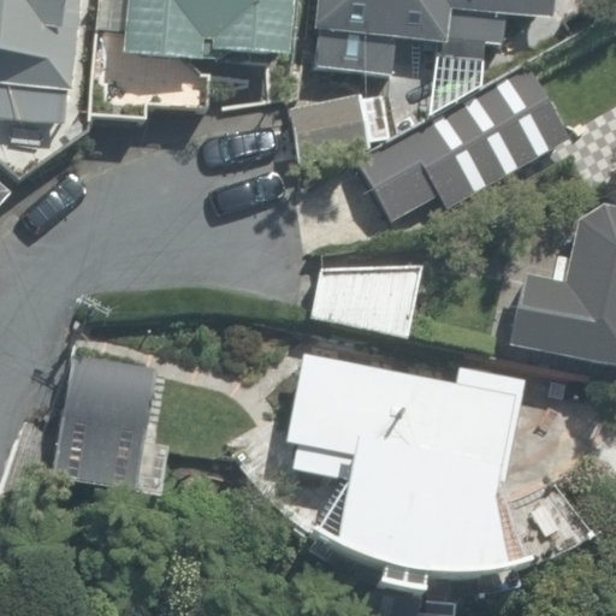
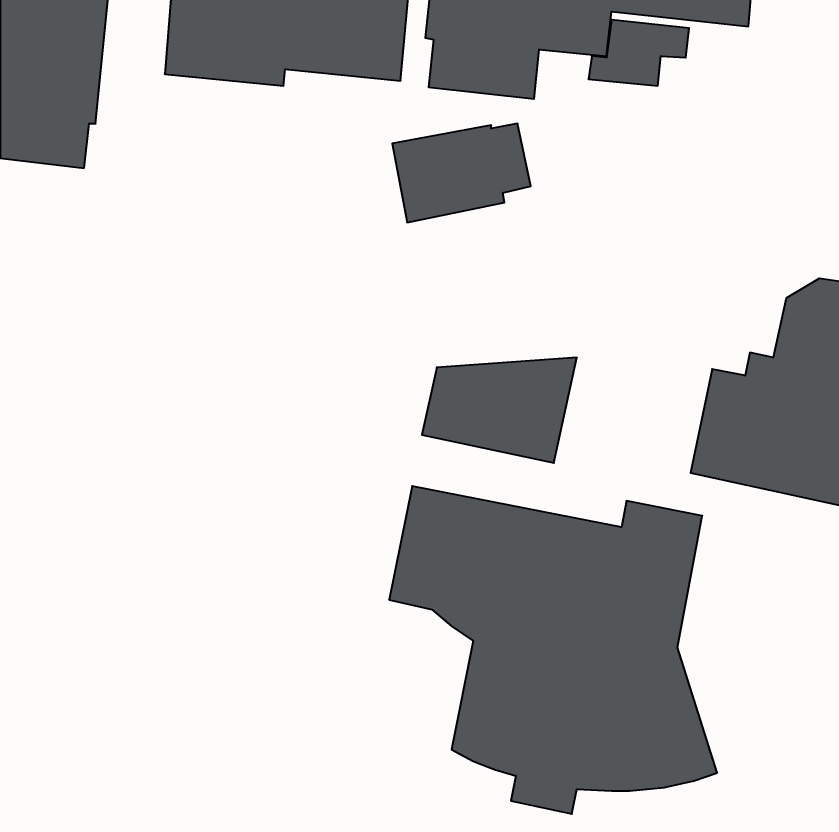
building: [360,69,569,219] -> none
building: [51,354,155,491] -> none

